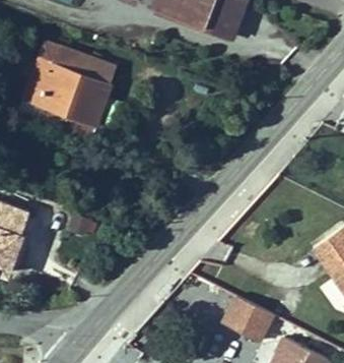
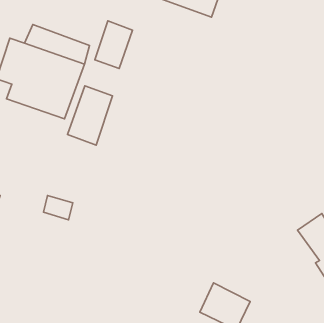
building: none -> [95,21,133,68]
building: none -> [68,86,113,145]

